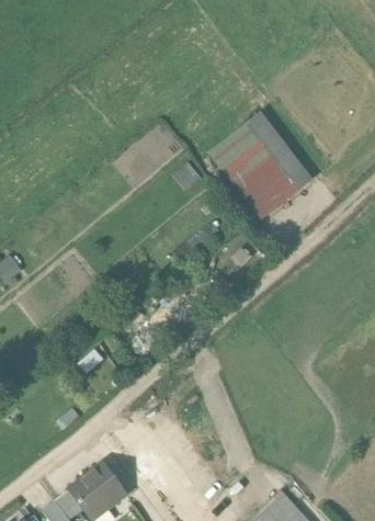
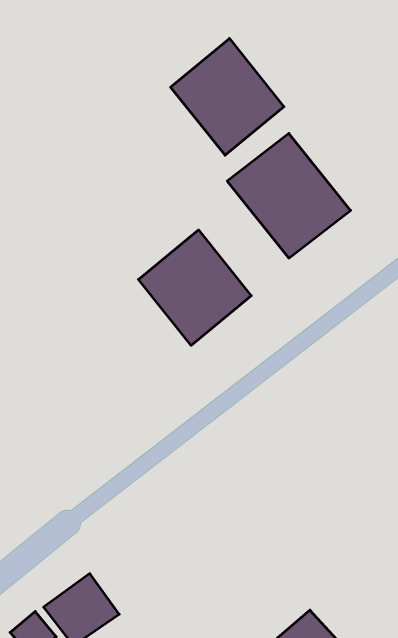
building: none -> [171,38,284,155]
building: none -> [138,230,251,345]

